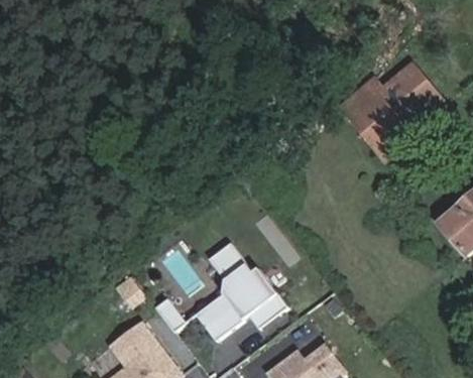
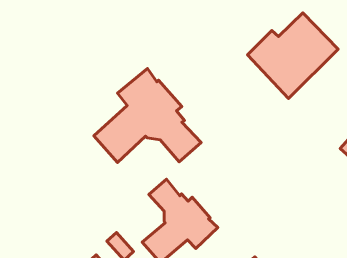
building: none -> [94,69,201,162]

